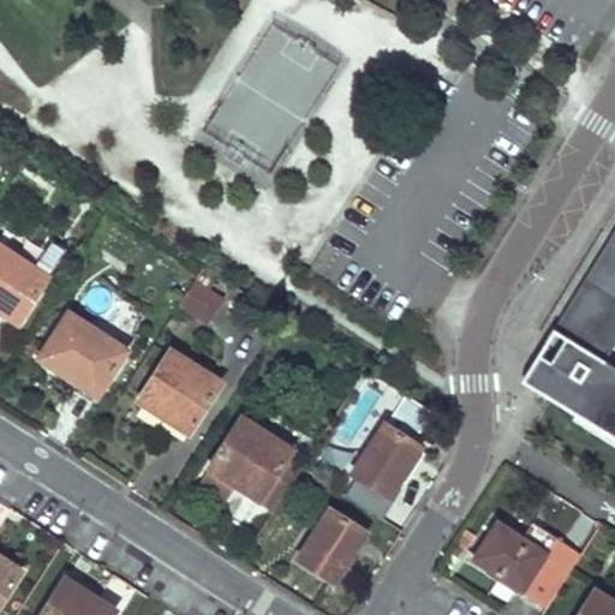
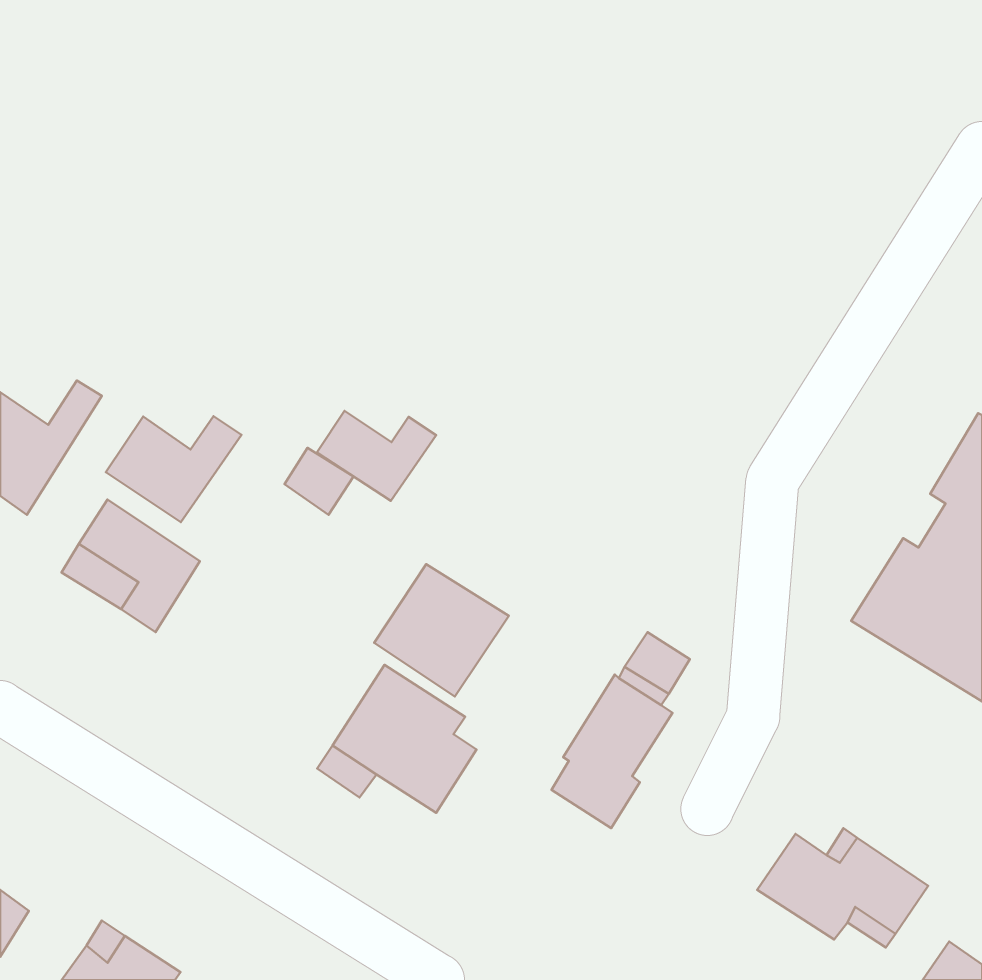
building: none -> [317,411,436,501]
building: none -> [106,416,242,522]
building: [137,351,221,434] -> [374,564,509,697]
building: [295,508,364,581] -> none

